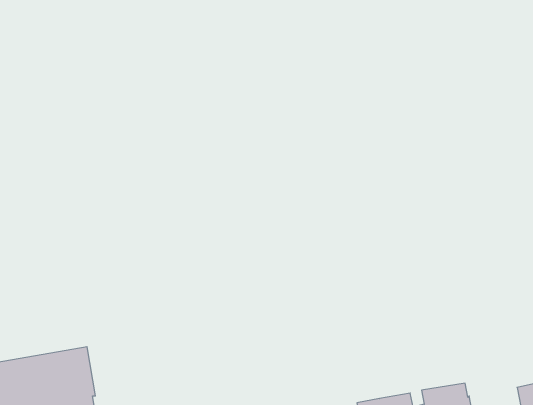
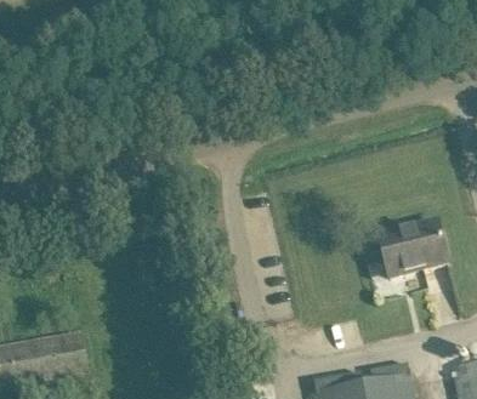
building: none -> [377,221,447,279]

